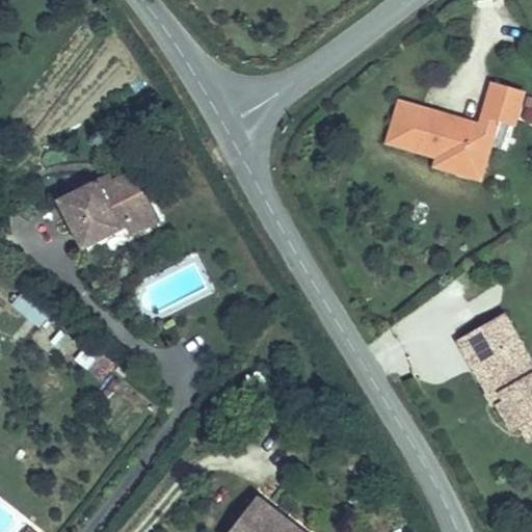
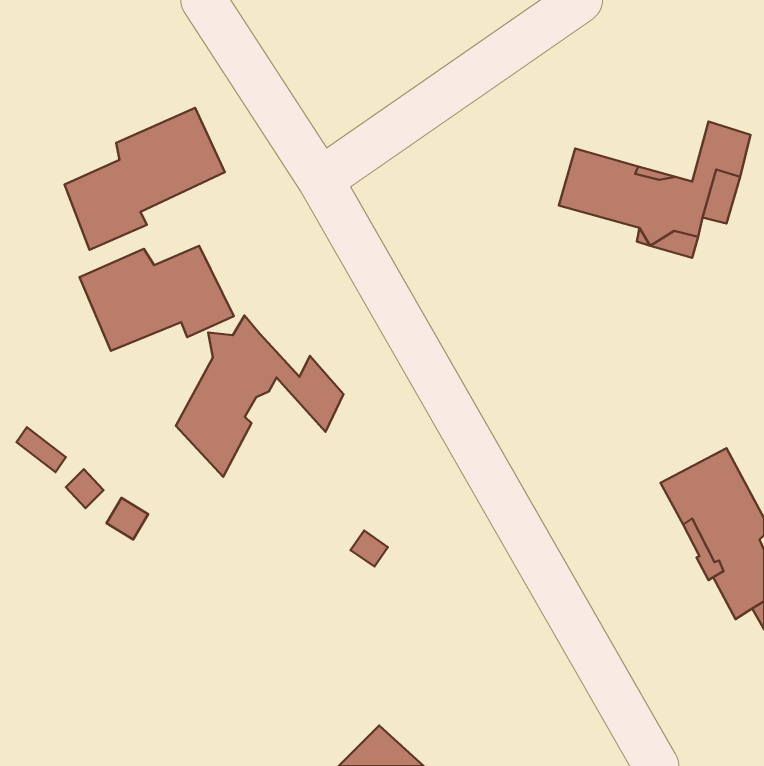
building: none -> [65,108,225,250]
building: none -> [176,316,344,477]

